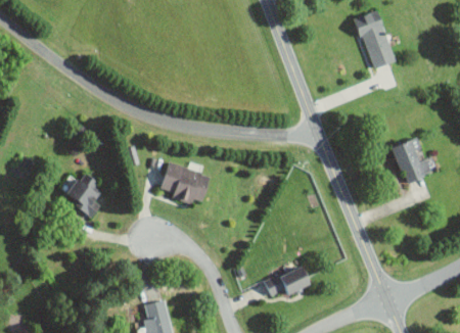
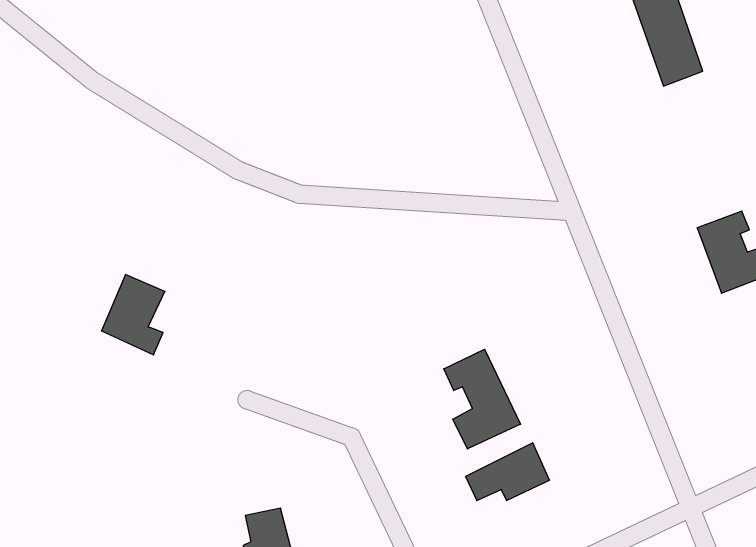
building: [160,163,211,204] -> none
building: none -> [444,349,521,449]

